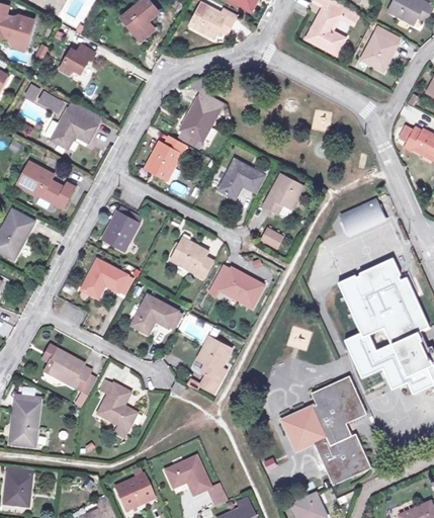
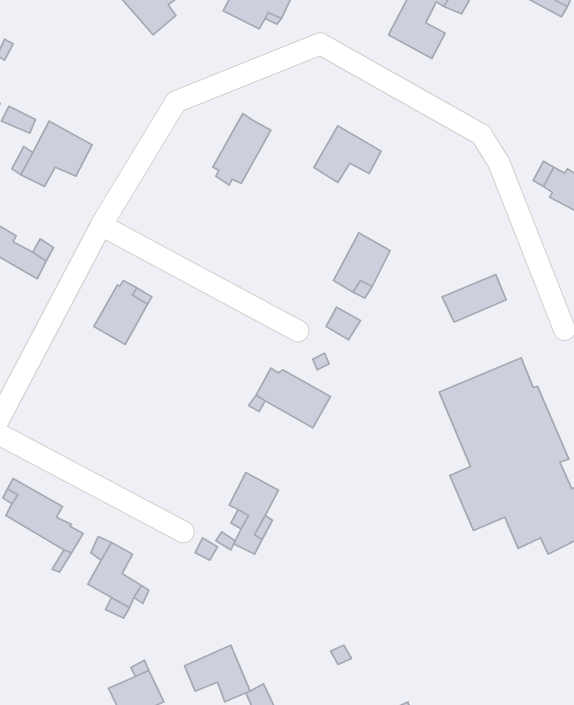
building: [360,27,396,72] -> none
building: [59,42,97,75] -> none
building: [146,138,187,181] -> none
building: [219,159,264,197] -> [314,126,381,182]
building: [167,237,212,279] -> none
building: [80,261,129,297] -> none
building: [131,294,179,332] -> none
building: [285,377,373,485] -> none

